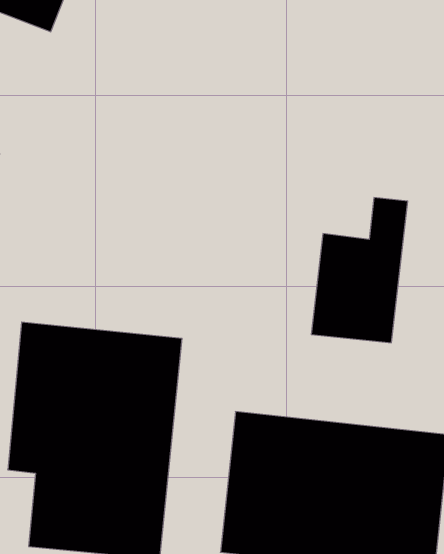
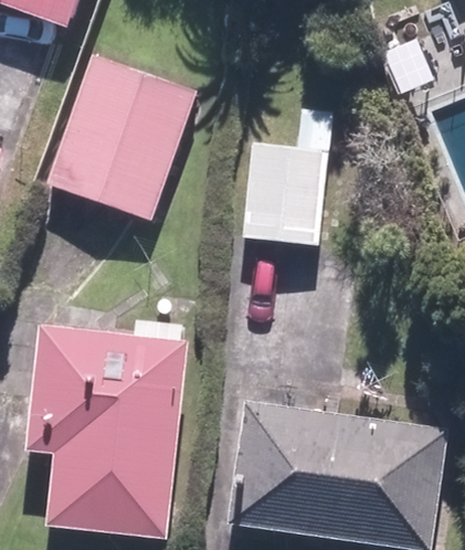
building: none -> [46,57,198,223]
building: [311,198,408,343] -> [231,110,323,248]

